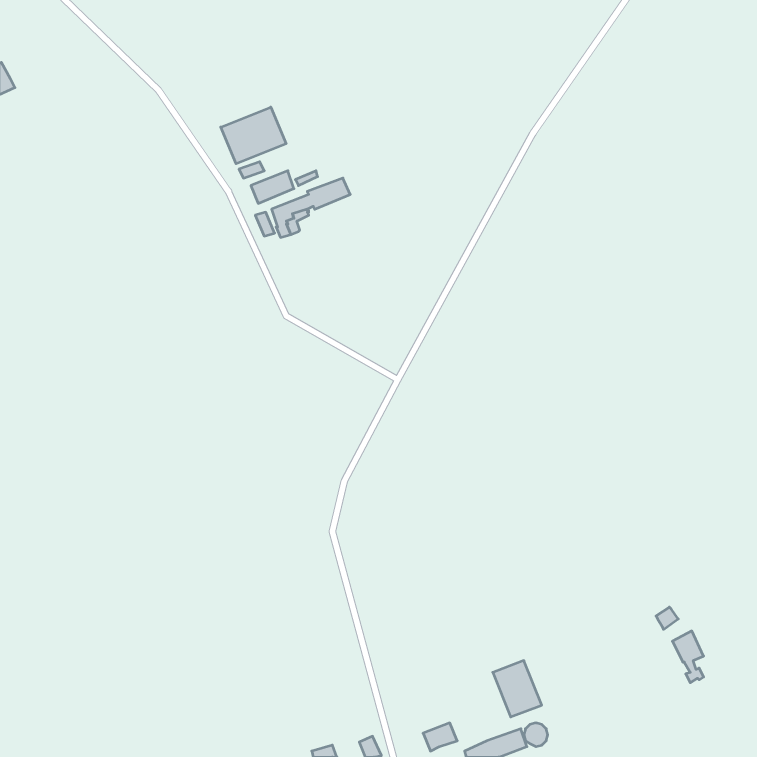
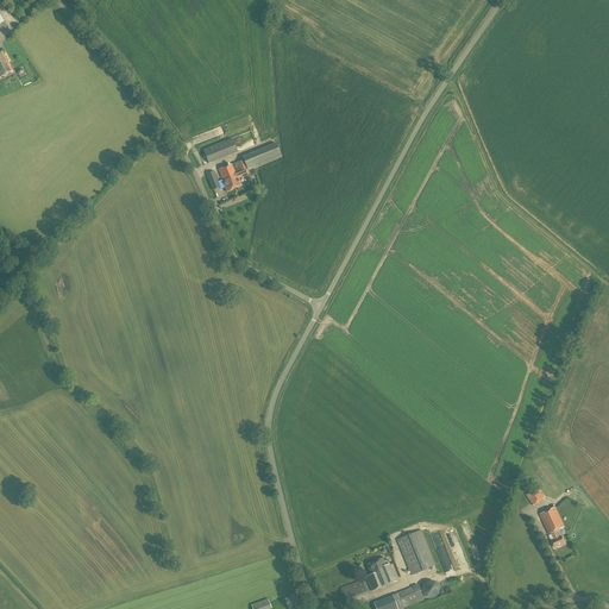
building: [221,107,286,164] -> none
building: none -> [364,557,395,590]

